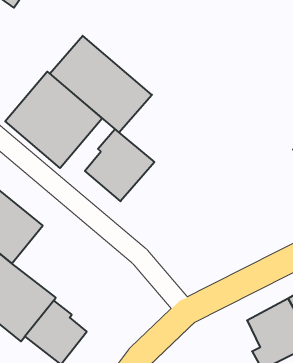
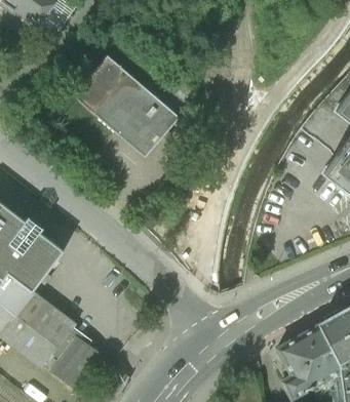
building: [5,72,102,168] -> none
building: [85,129,154,201] -> none

